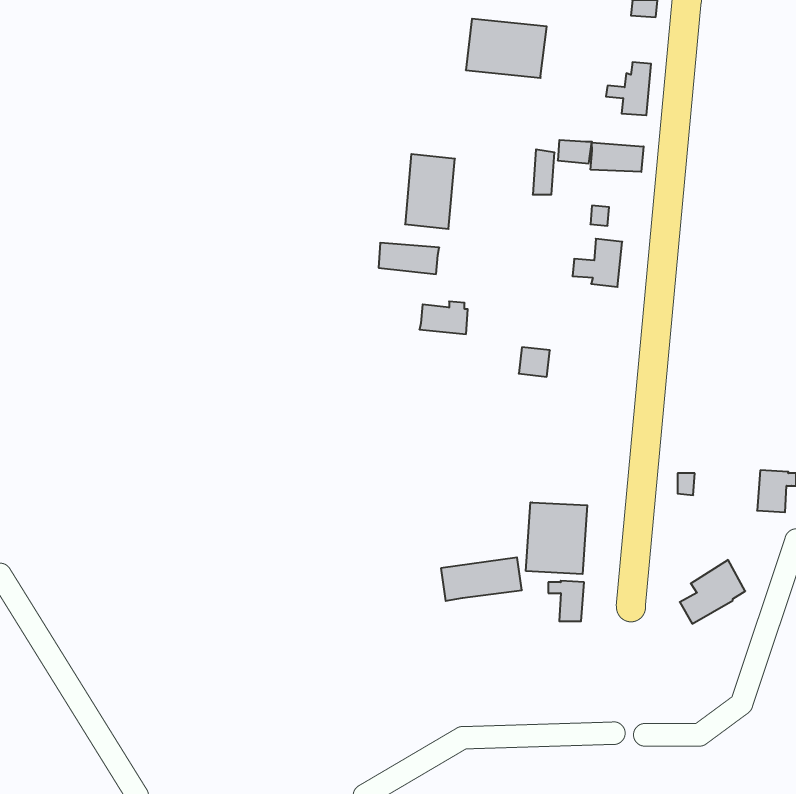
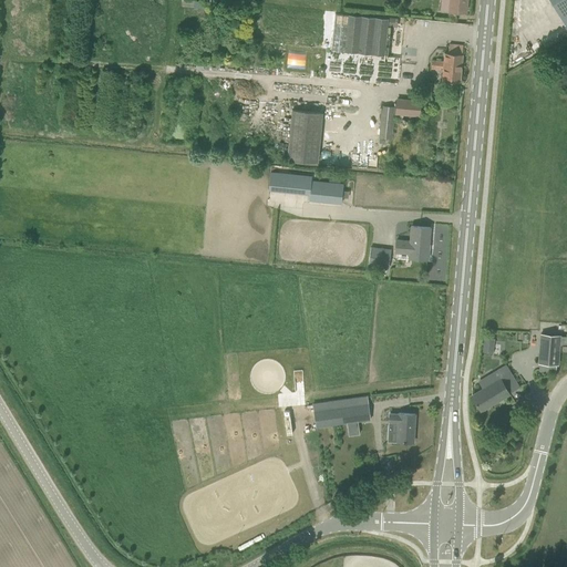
building: [591,142,644,172] -> none
building: [572,239,622,287] -> [395,227,431,261]
building: [419,301,468,334] -> [309,181,343,204]
building: [526,502,587,574] -> none
building: [680,560,745,624] -> [472,367,518,412]

